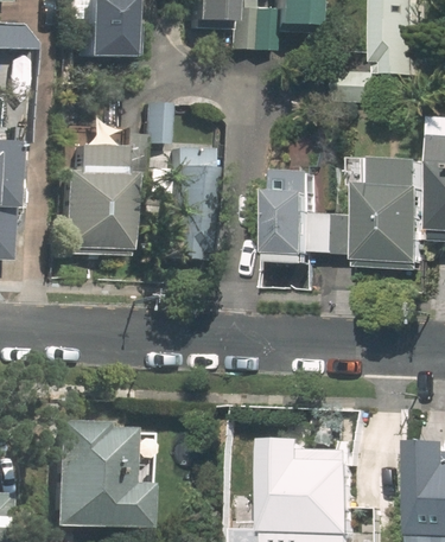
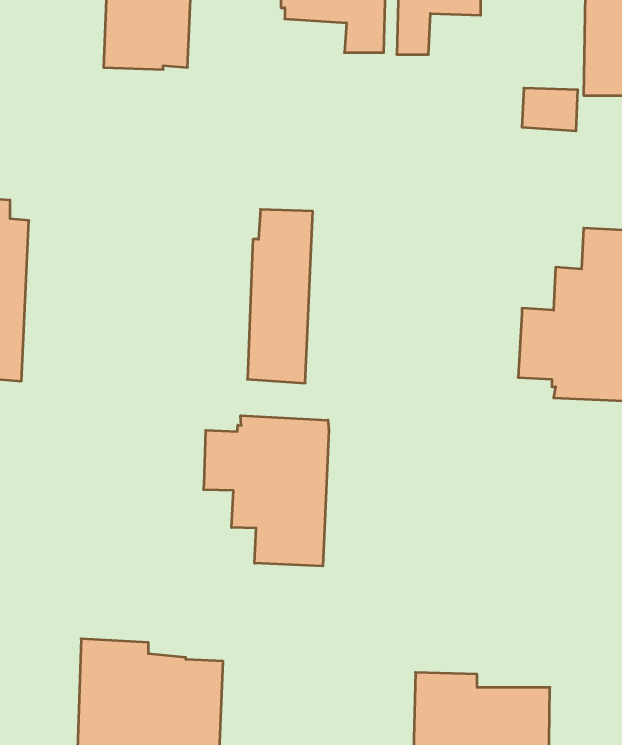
building: [55,100,165,254] -> none
building: [266,168,335,264] -> none
building: none -> [204,416,329,566]

